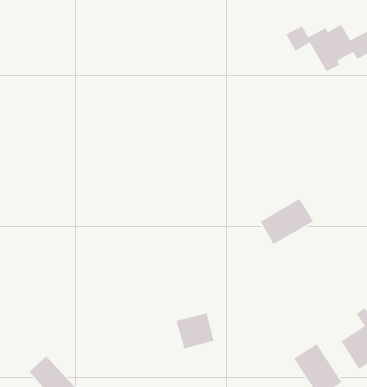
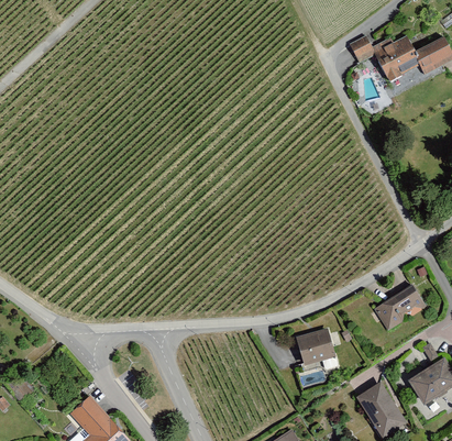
building: [260,198,314,245] -> [371,282,429,332]
building: [176,312,214,349] -> [295,327,337,366]

